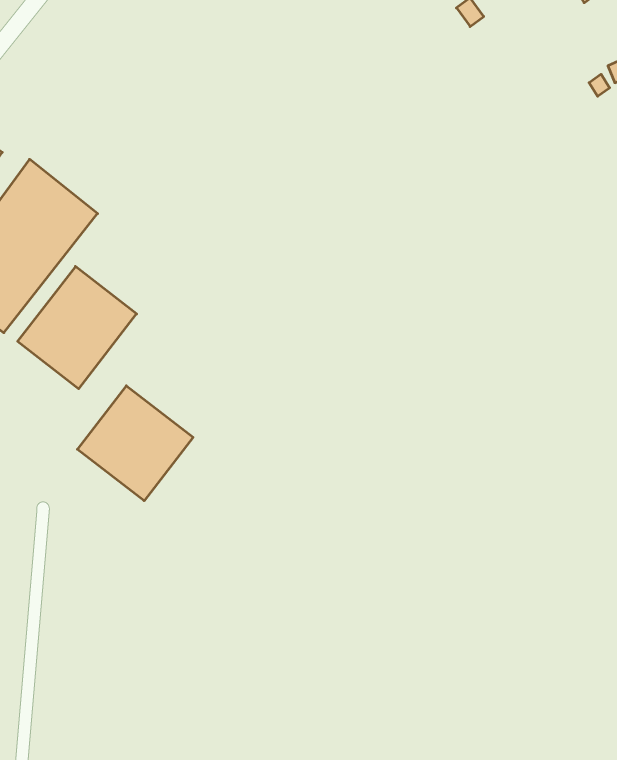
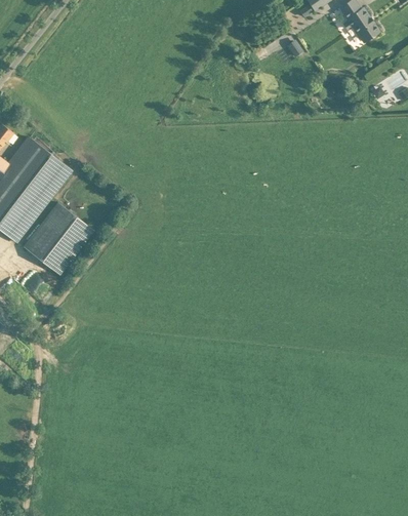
building: [77,386,193,501] -> none

